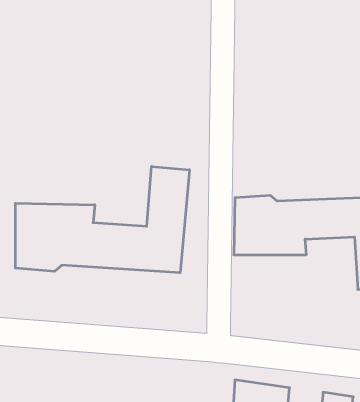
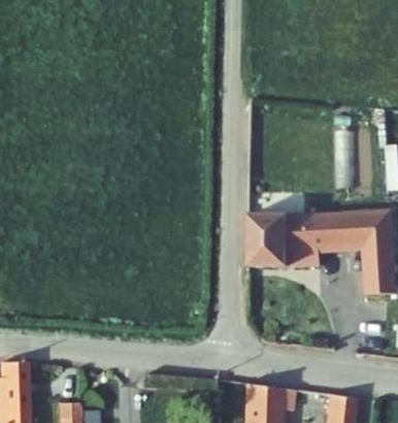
building: [15,166,189,273] -> none

